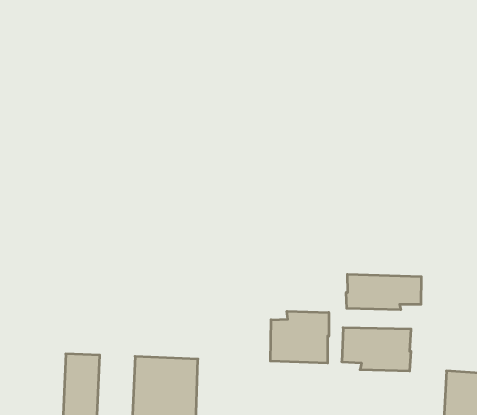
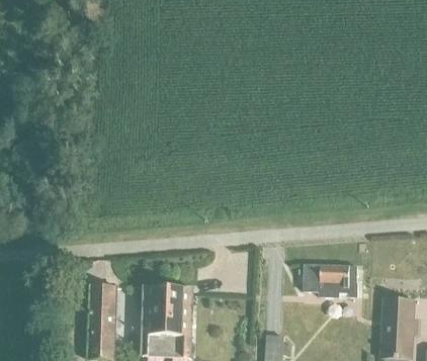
building: [346,274,421,310] -> none
building: [270,311,329,363] -> none

